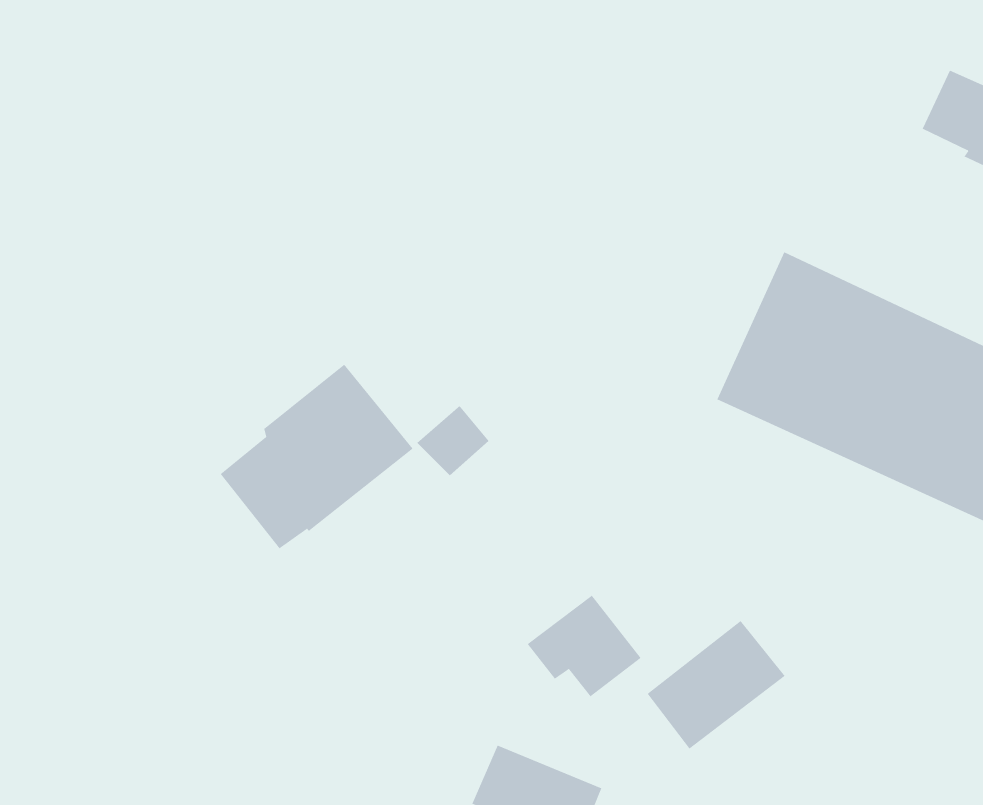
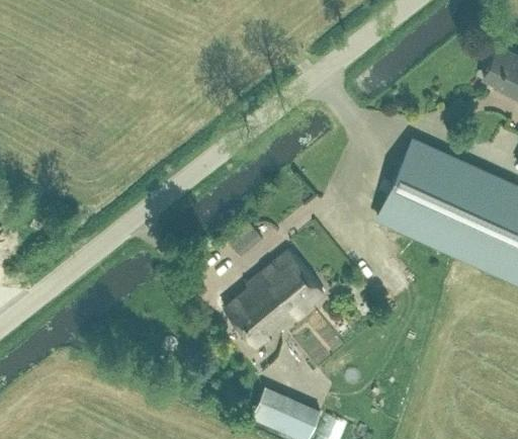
building: [220,364,414,549] -> [225,251,324,346]
building: [647,620,785,750] -> none

